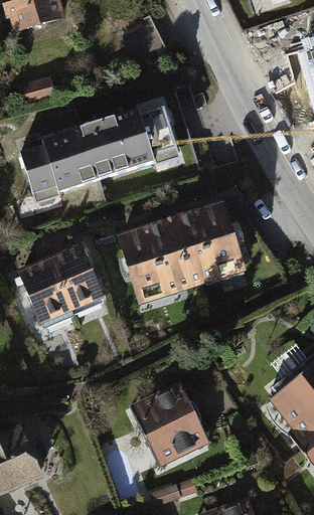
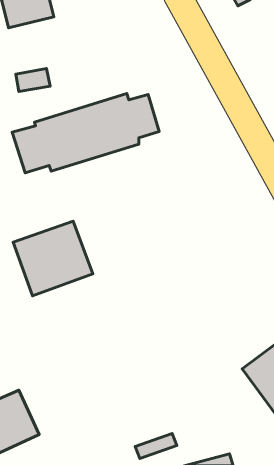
building: [118,203,246,305] -> none
building: [134,385,211,469] -> none

